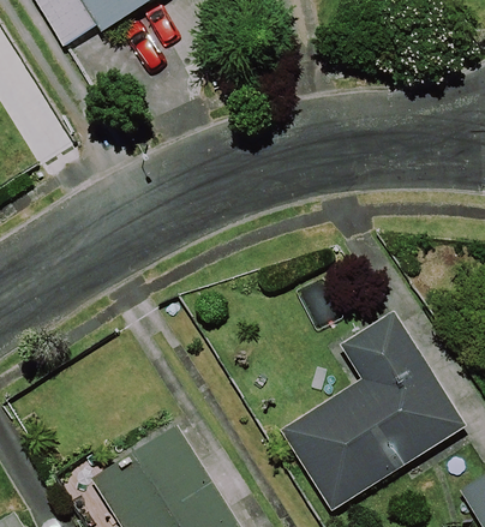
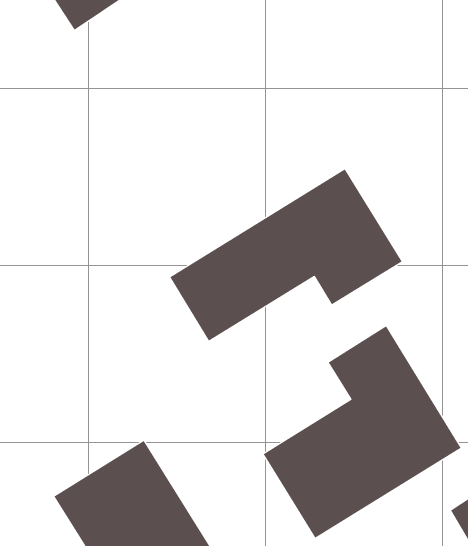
building: none -> [170,169,403,341]

